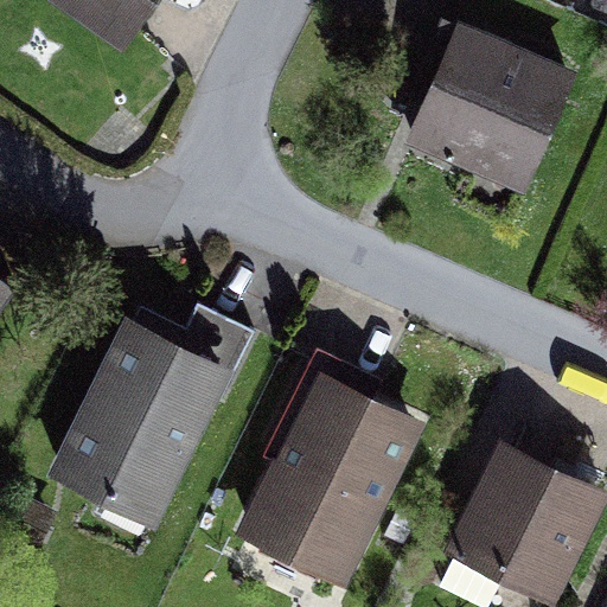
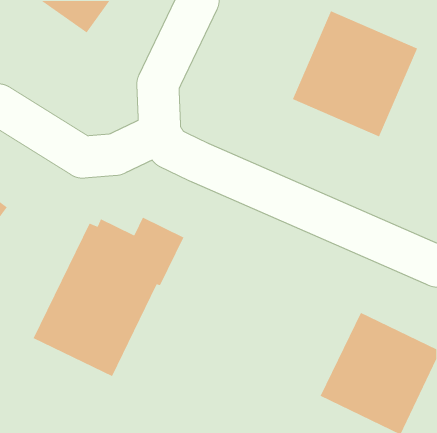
building: [235,349,428,592] -> none

